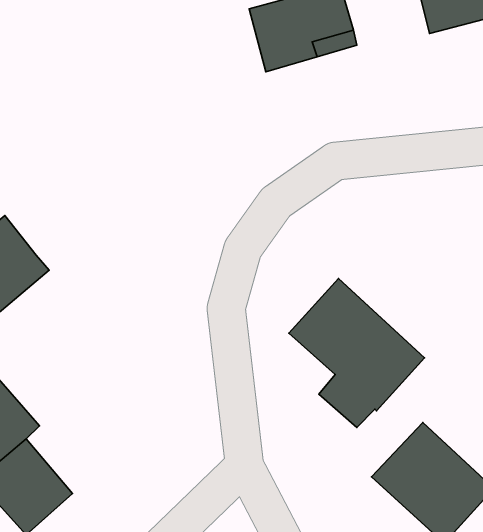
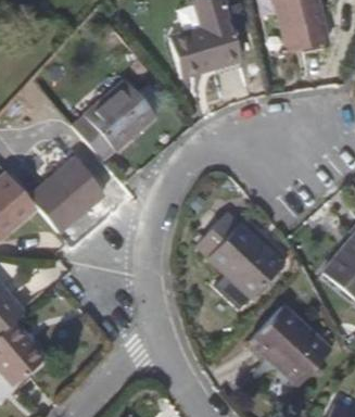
building: none -> [74,78,159,160]
building: none -> [29,157,105,232]

